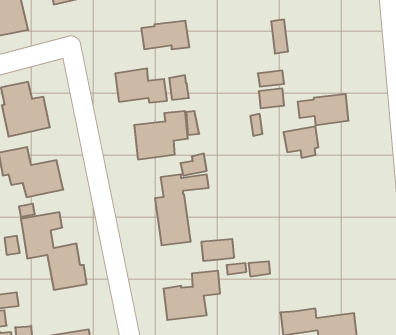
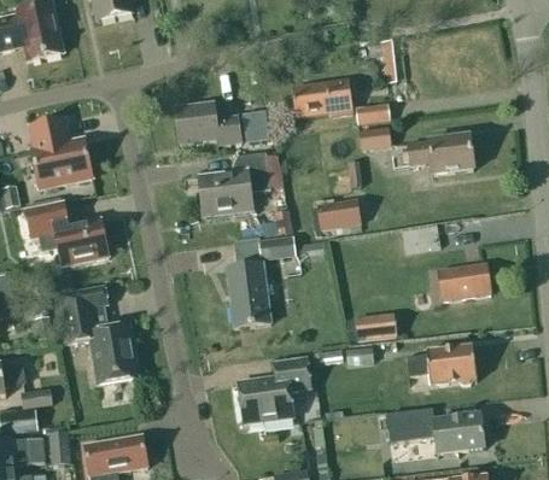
building: [141,21,189,49] -> [291,78,352,115]
building: [283,127,318,158] -> [316,198,361,238]
building: none -> [437,263,490,299]
building: [201,239,234,261] -> [355,315,397,343]
building: none -> [407,345,475,385]

